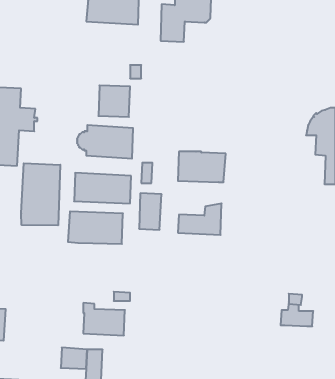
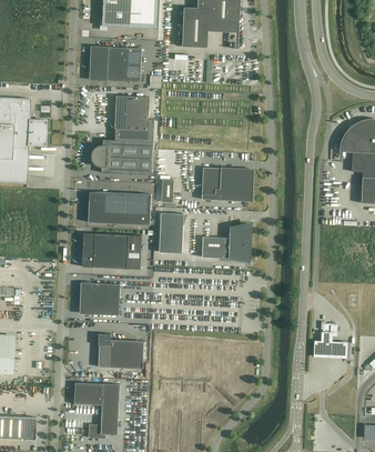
building: none -> [89,47,141,82]
building: [21,163,60,225] -> none
building: none -> [80,281,120,315]

